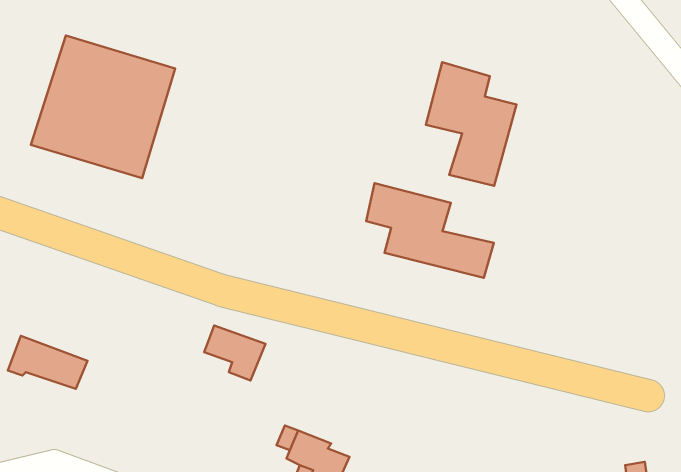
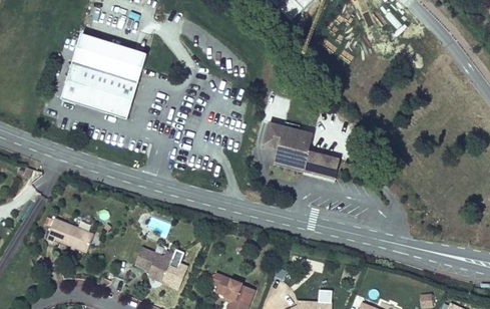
building: [426,62,517,186] -> none
building: [204,326,265,380] -> [132,248,169,281]

